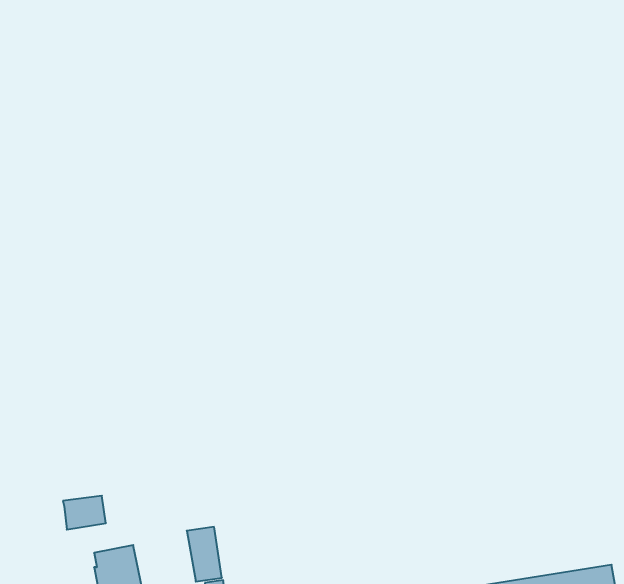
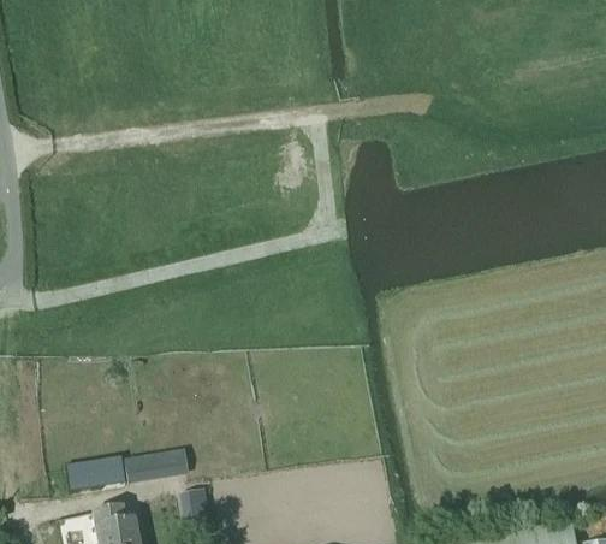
building: none -> [125,450,190,484]

